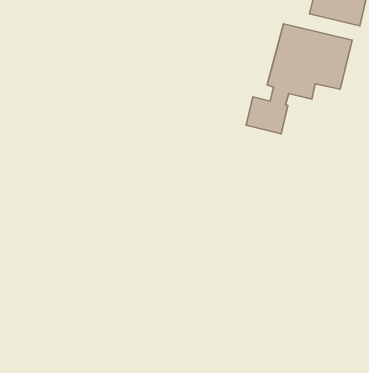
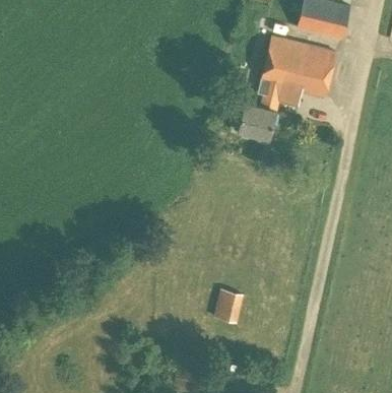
building: none -> [214,290,243,323]

